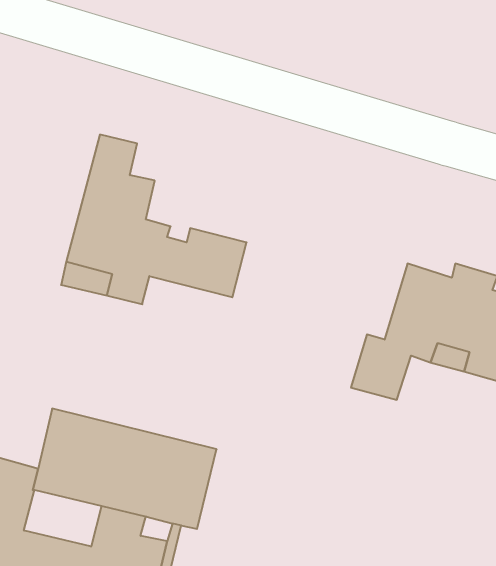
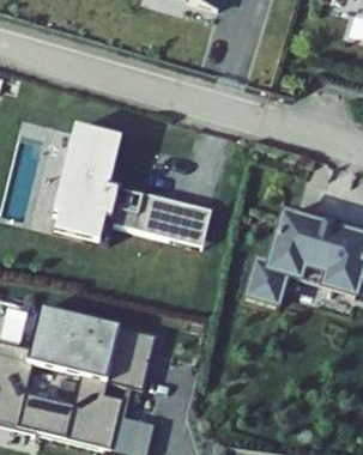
building: none -> [165,198,207,243]

